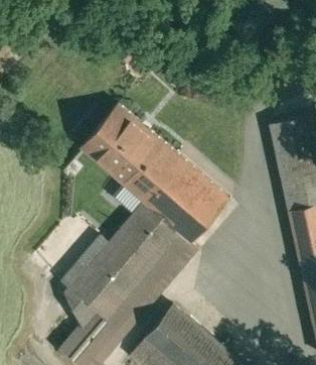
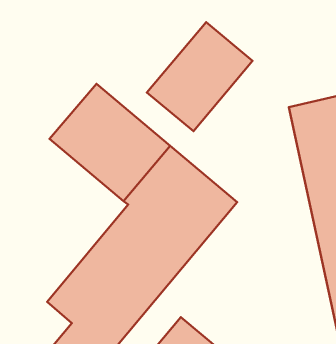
building: none -> [147,22,253,131]

